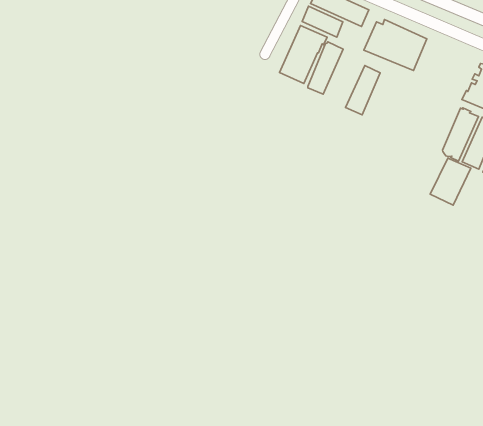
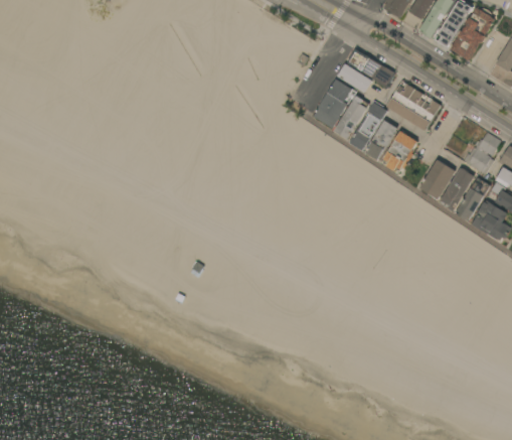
building: none -> [349,101,387,150]
building: none -> [381,130,417,174]
building: [430,158,471,205] -> [419,159,457,199]

